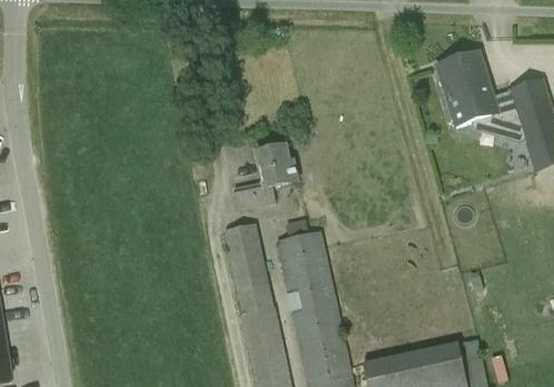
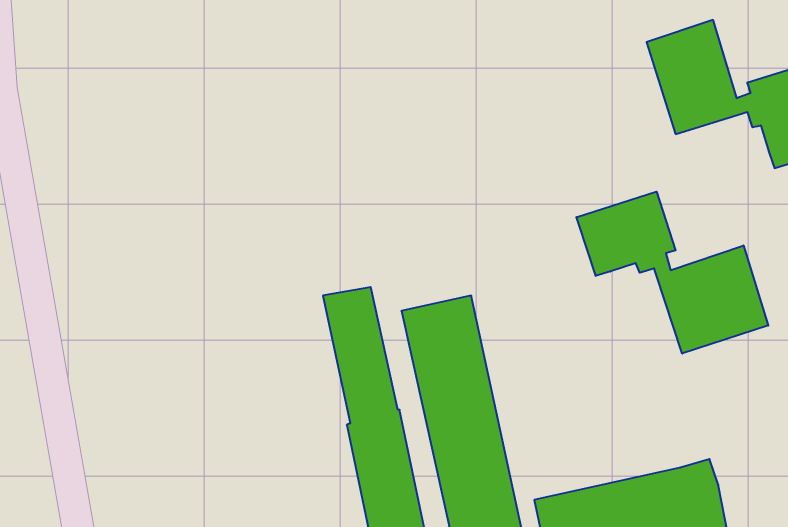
building: [233,145,297,210] -> none
building: none -> [576,192,768,354]

